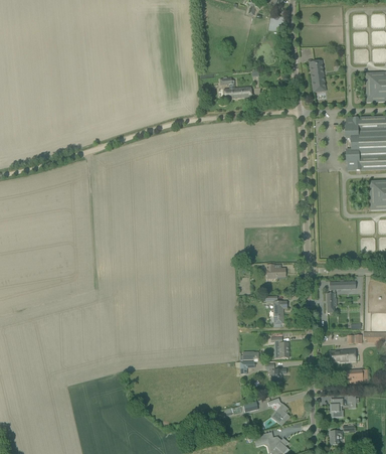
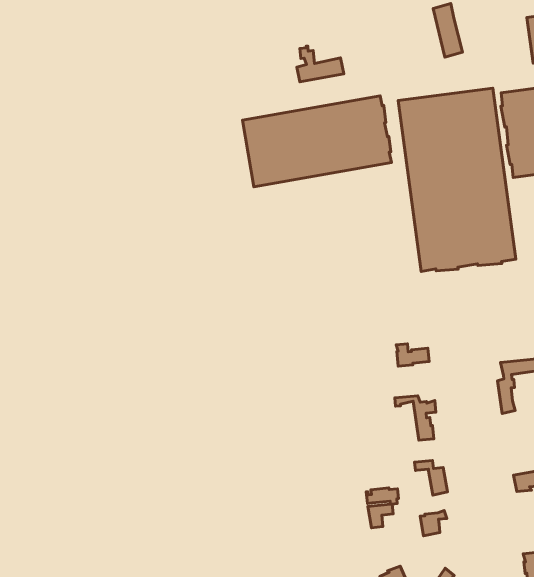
building: none -> [242,96,391,187]
building: none -> [398,88,516,271]

